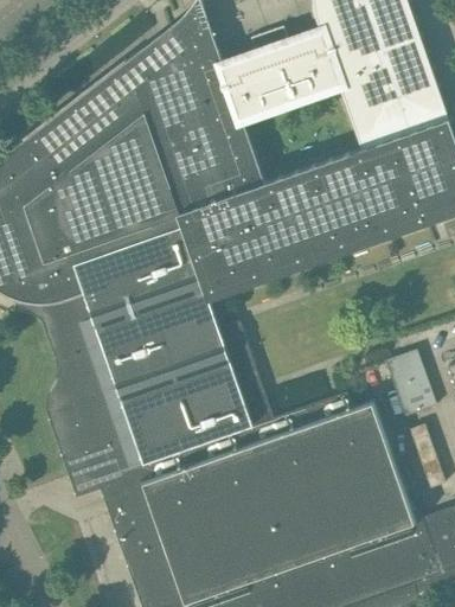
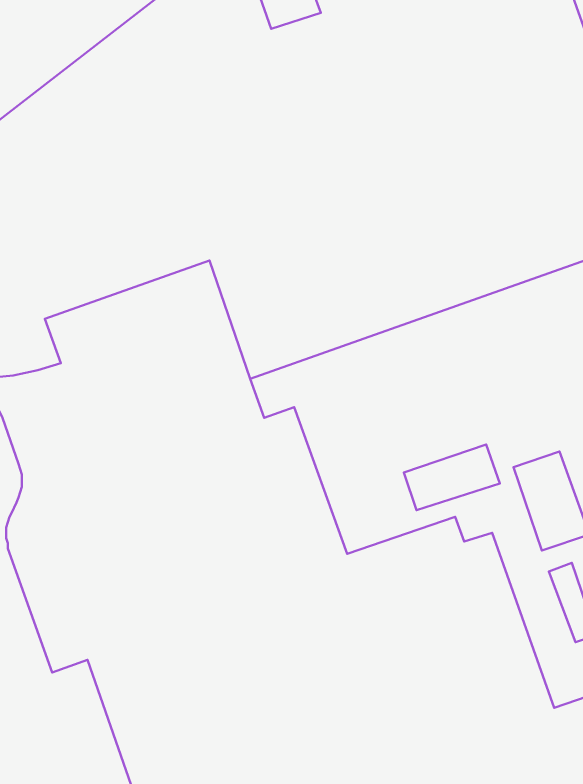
building: none -> [404,444,500,510]

